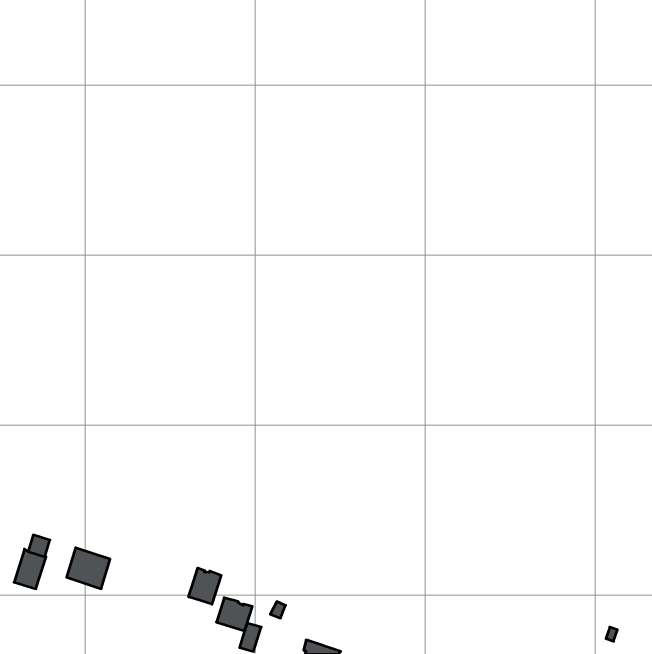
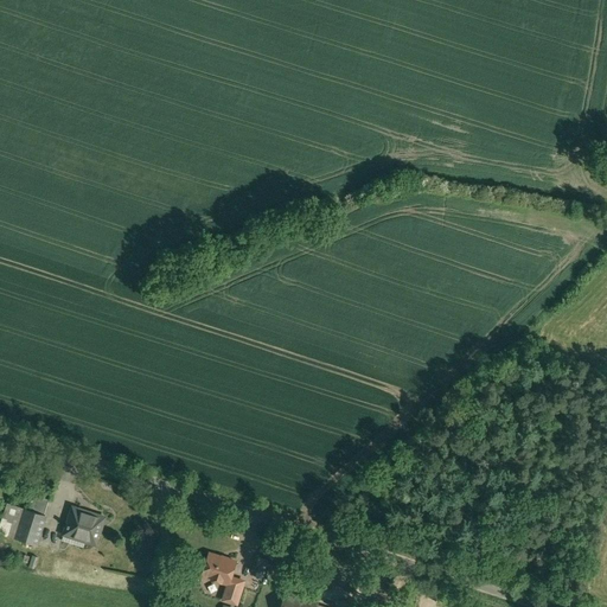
building: [189,568,221,604] -> none

